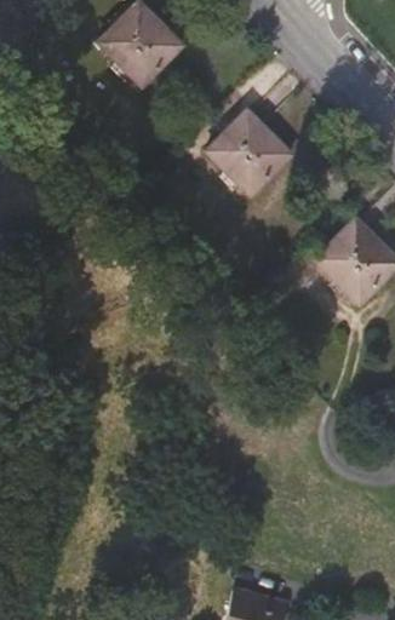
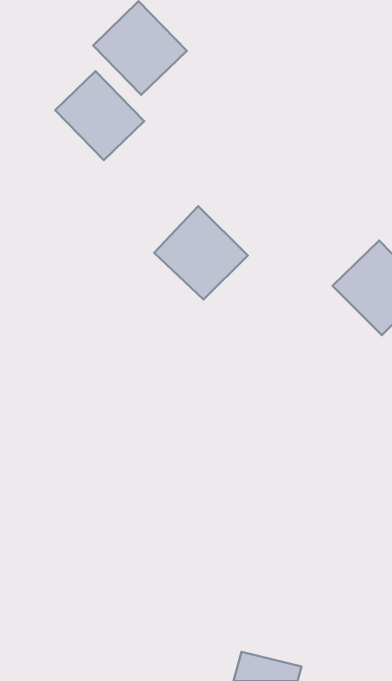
building: none -> [55,71,144,160]
building: [206,109,291,194] -> [154,206,248,300]

